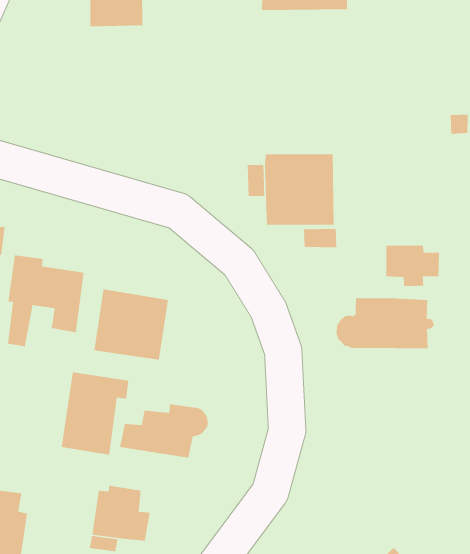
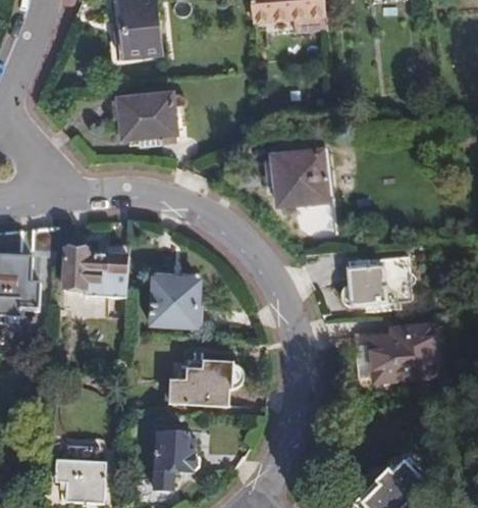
building: none -> [122,89,177,141]
building: [385,245,440,287] -> none
building: [61,371,129,456] -> none
building: none -> [375,323,436,377]

